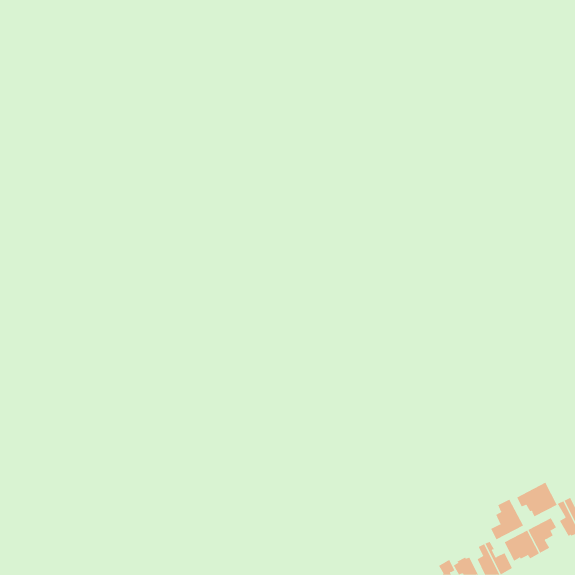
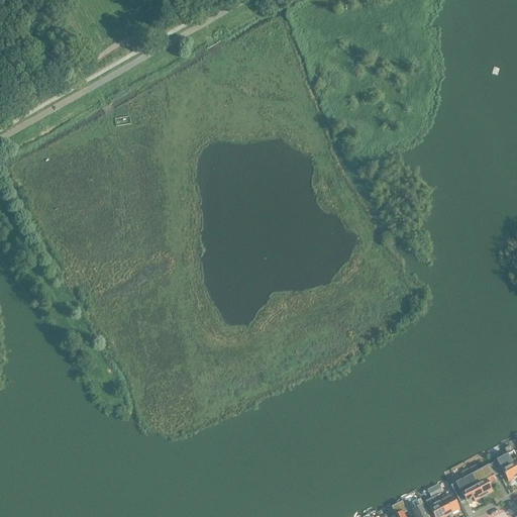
building: [517,482,558,517] -> none
building: [490,499,524,540] -> none

